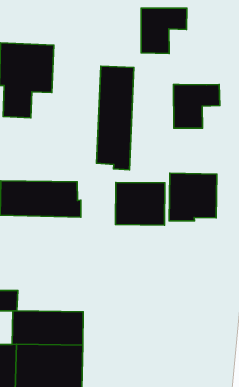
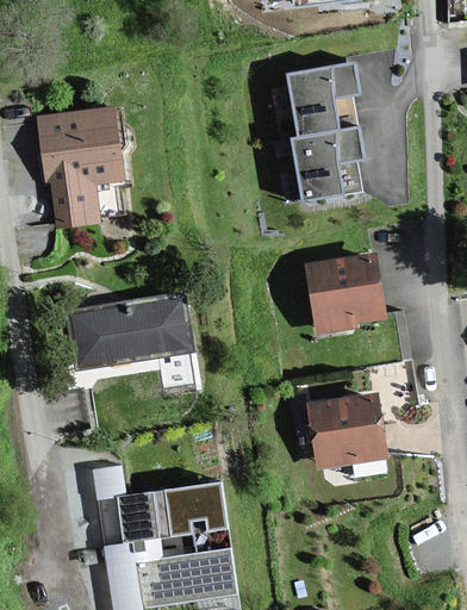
building: [141,8,187,53] -> [288,63,357,137]
building: [96,66,134,170] -> none
building: [116,182,165,225] -> [307,396,386,466]

